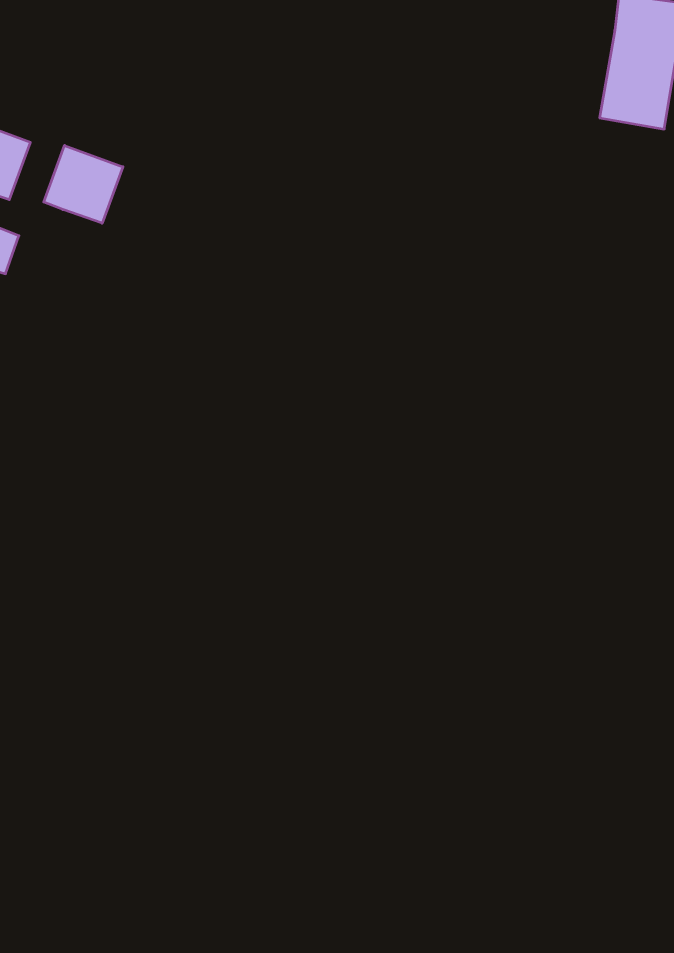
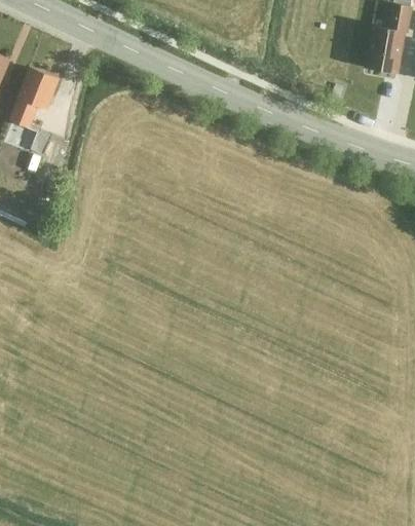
building: [44,145,123,223] -> none

